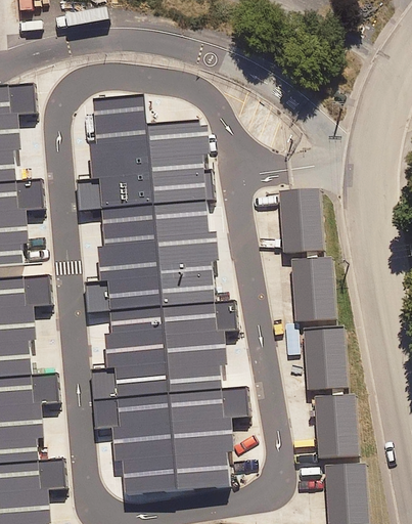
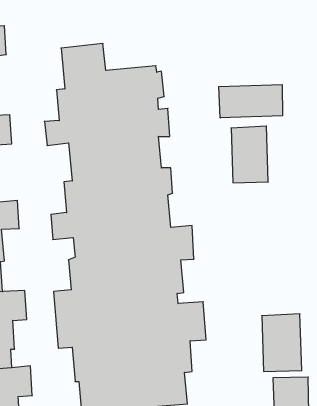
building: none -> [219,85,282,118]
building: [292,257,335,322] -> none
building: [304,326,348,391] -> none

